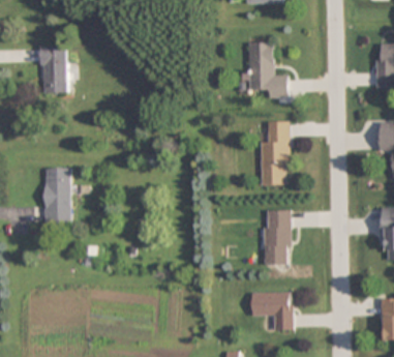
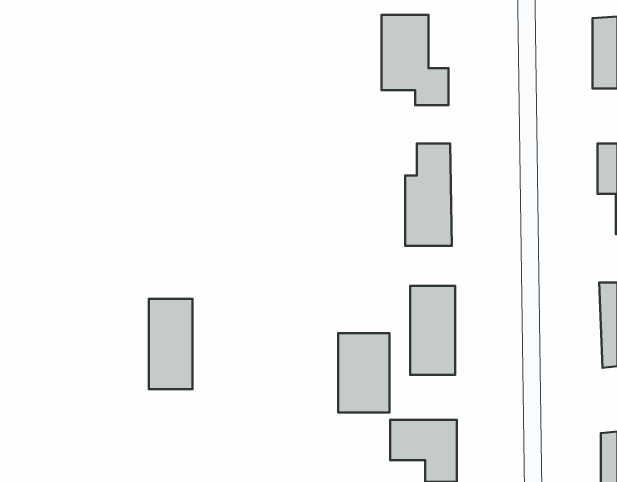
building: [41,44,65,93] -> none
building: [44,167,71,222] -> [149,299,192,389]
building: none -> [338,333,389,412]

